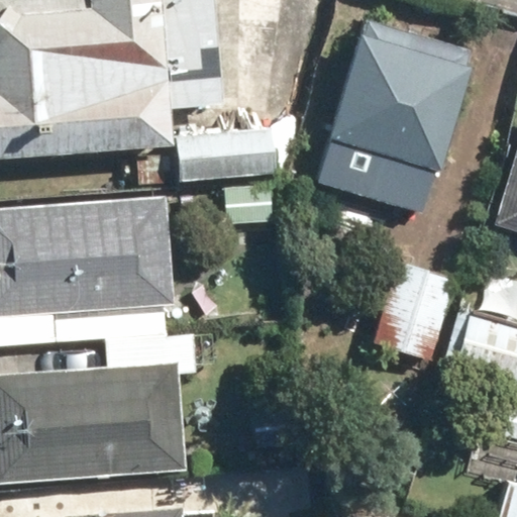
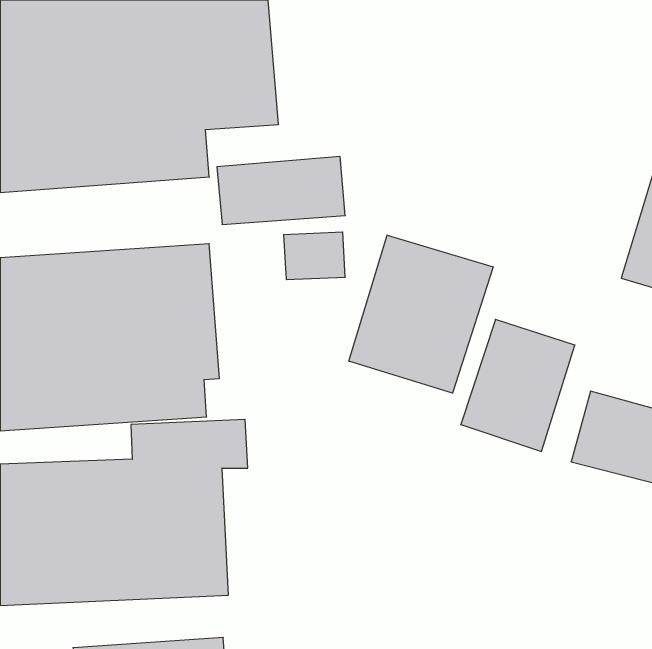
building: [316,17,473,214] -> none
building: none -> [349,235,493,393]

